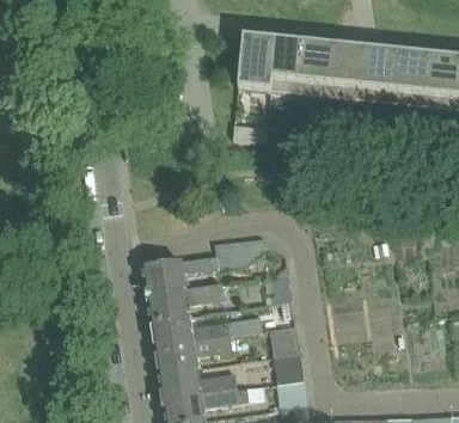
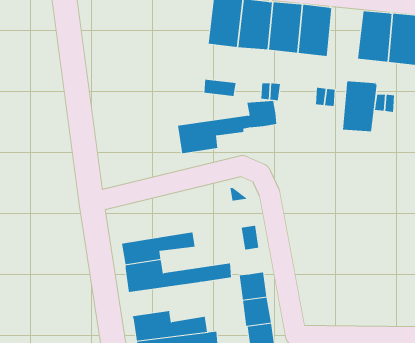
building: [363,49,400,103] -> [342,81,377,132]
building: [142,240,247,296] -> [177,100,277,154]
building: [154,337,233,373] -> none

